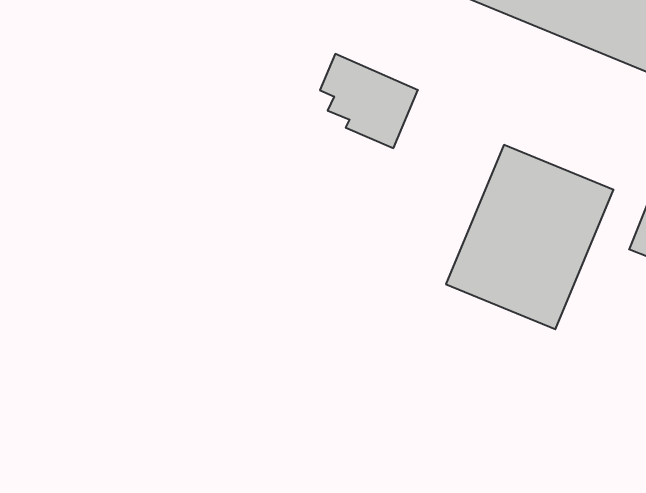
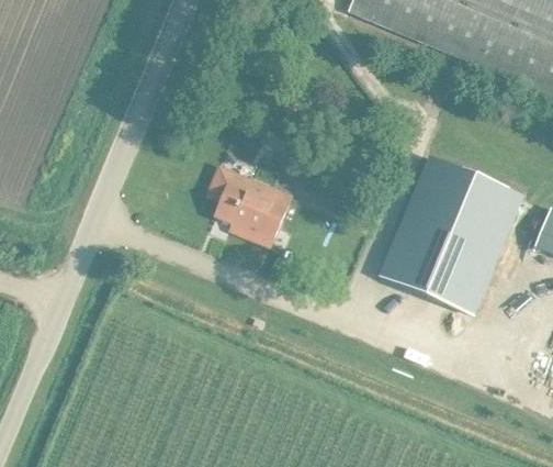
building: [320,54,418,148] -> [208,166,292,246]

